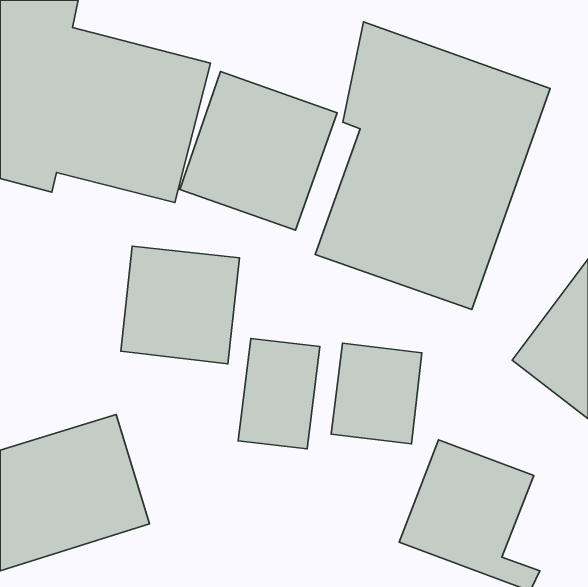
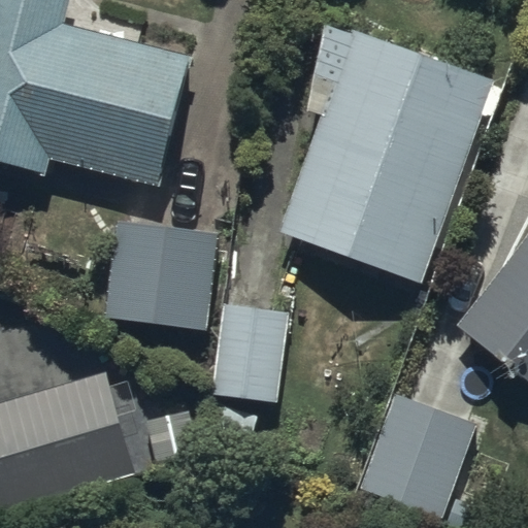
building: [180,71,337,230] -> none
building: [331,343,422,444] -> none

